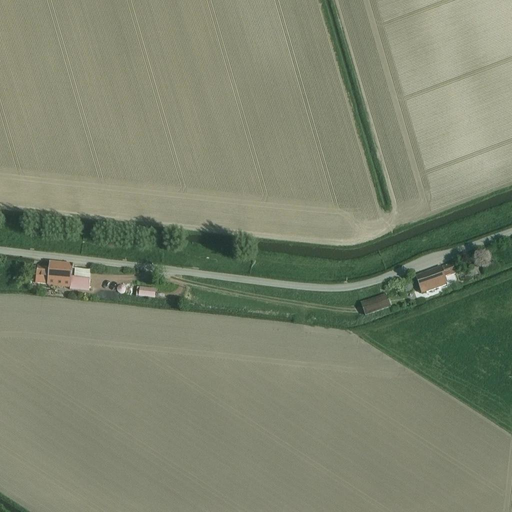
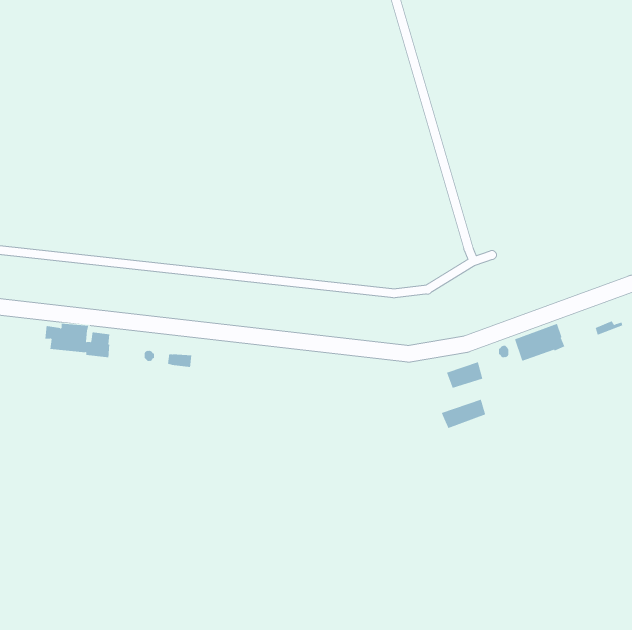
building: none -> [441,399,486,429]

